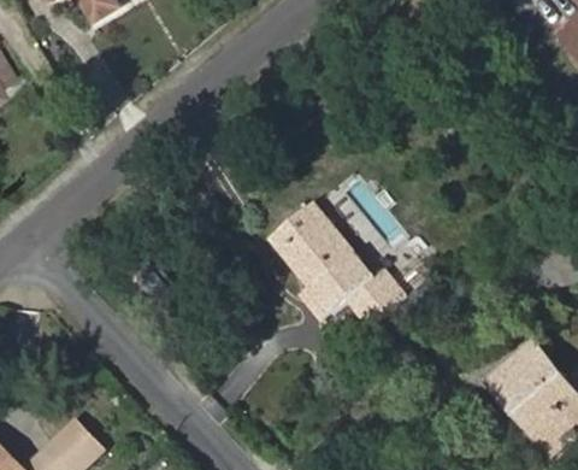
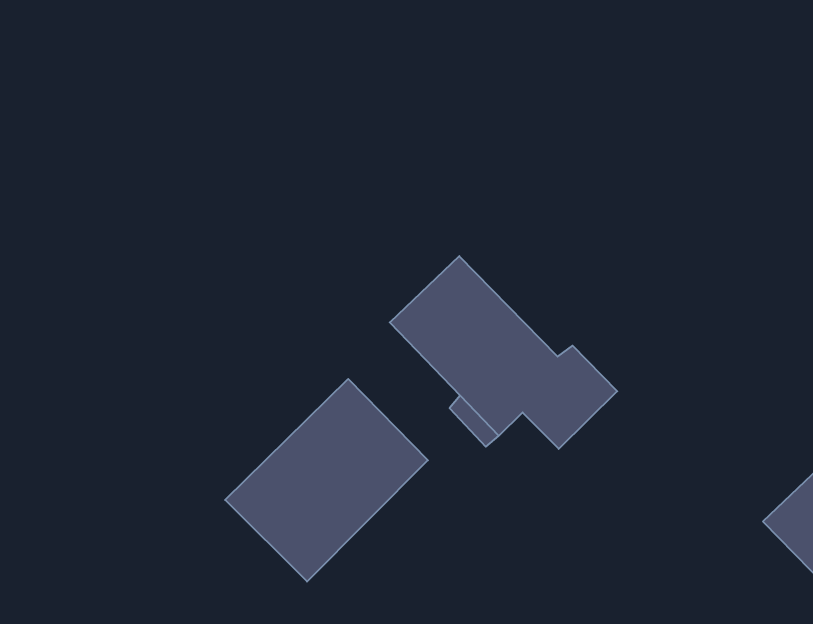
building: none -> [225,379,428,582]

